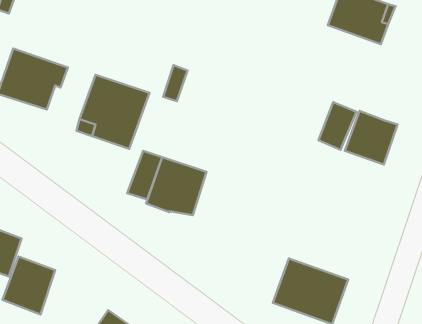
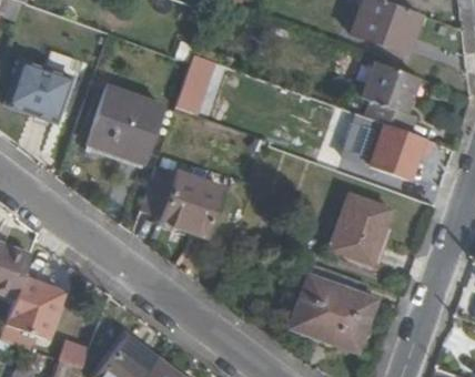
building: none -> [361,61,421,133]
building: none -> [330,193,394,265]

